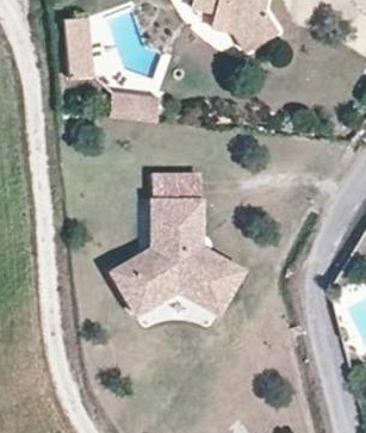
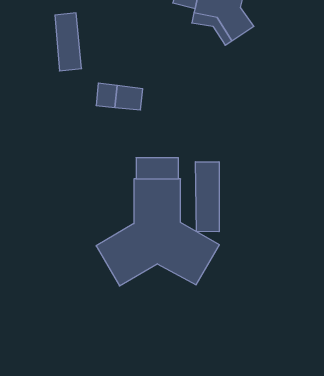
building: none -> [195,162,219,232]

